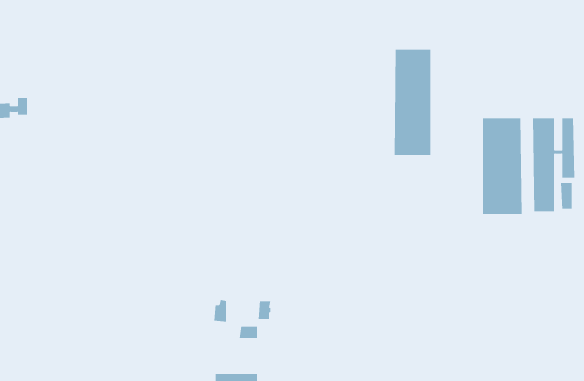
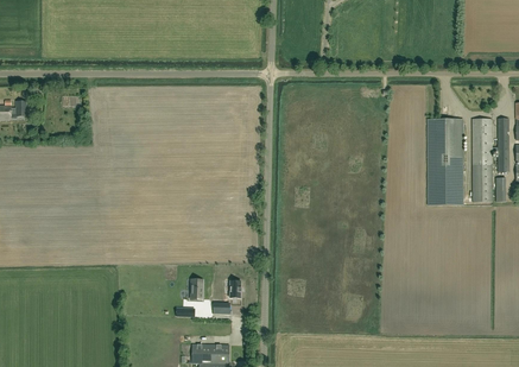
building: [394,49,431,156] -> none

